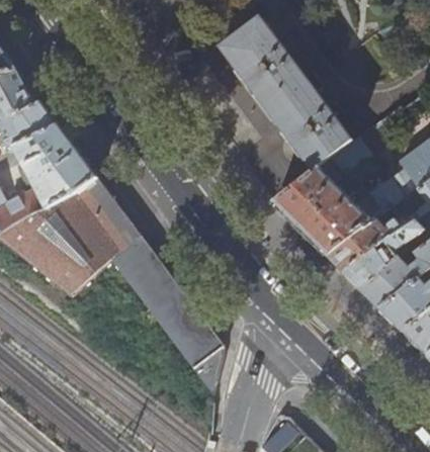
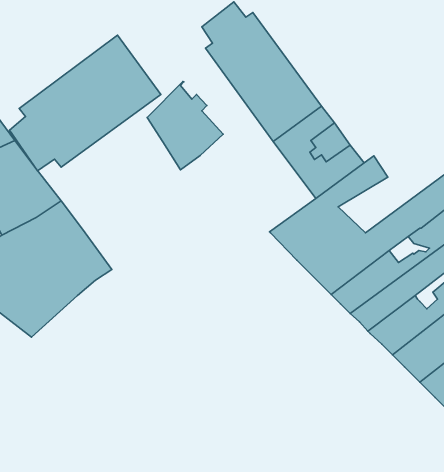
building: none -> [9,35,161,171]
building: none -> [147,81,223,170]
building: [109,234,222,394] -> none

